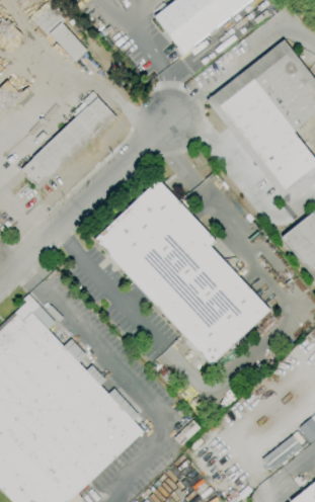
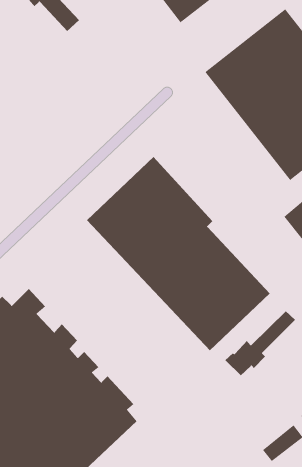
building: [22,97,115,187] -> none
building: none -> [225,310,296,376]

